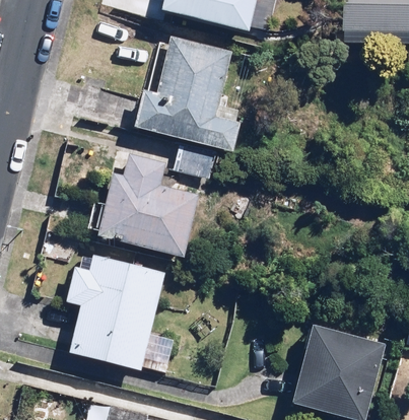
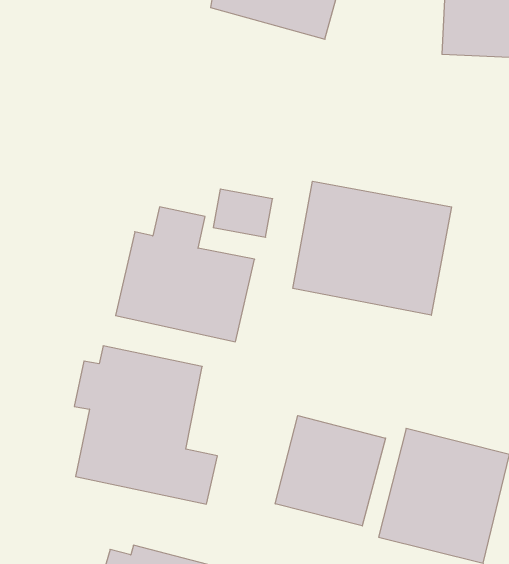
building: [136,37,245,150] -> none
building: none -> [293,181,452,315]
building: none -> [275,416,386,526]

